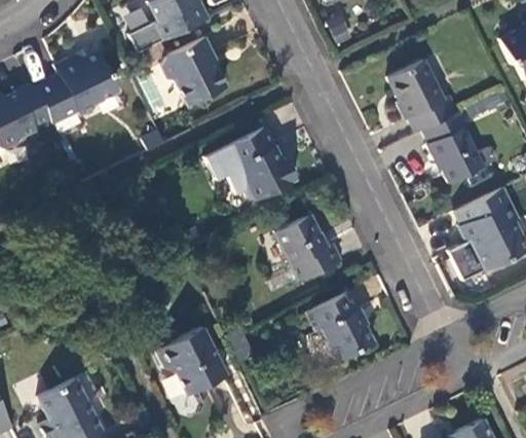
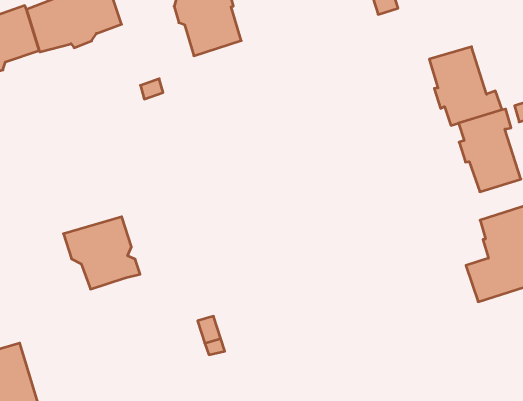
building: [222,130,295,202] -> none
building: [274,216,340,281] -> none
building: [305,293,373,361] -> none
building: [155,326,227,393] -> [63,217,140,289]

